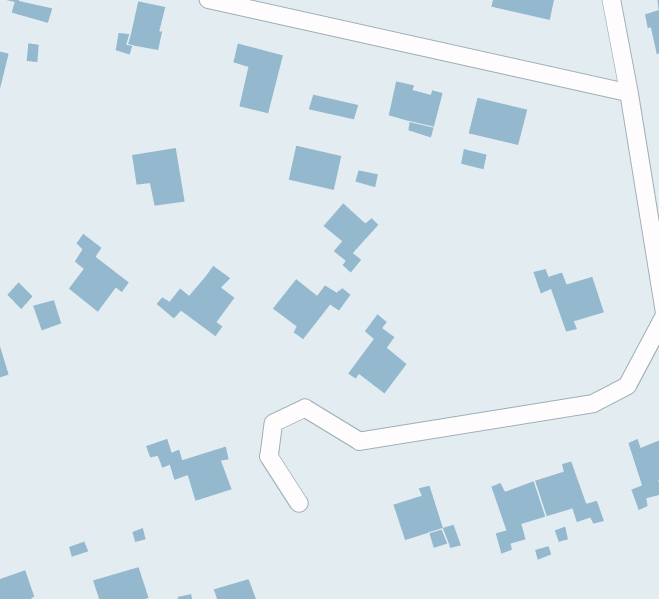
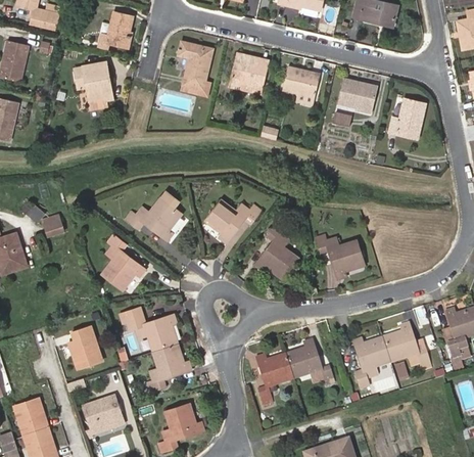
building: none -> [388,98,425,139]
building: [288,145,342,190] -> [232,52,269,83]
building: [131,147,185,206] -> [74,62,110,102]
building: [323,203,379,274] -> none
building: [68,233,130,313] -> [102,235,144,289]
building: [532,269,605,332] -> [315,235,364,278]
building: none -> [68,325,102,367]
building: none -> [147,344,191,391]
building: none -> [257,354,294,404]

